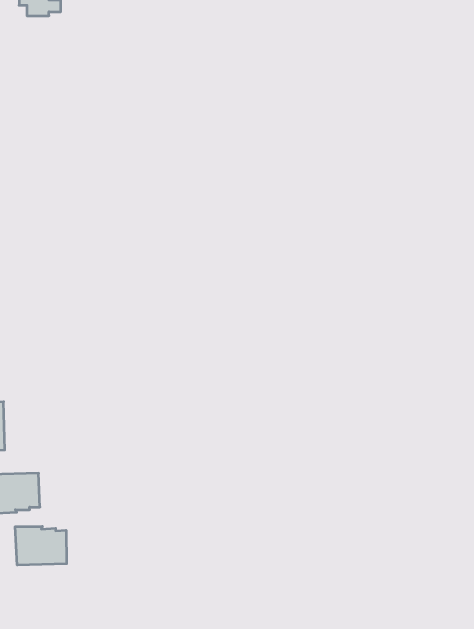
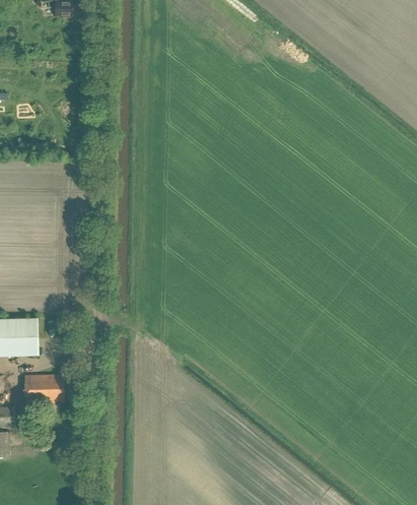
building: [15,526,67,565] -> none

